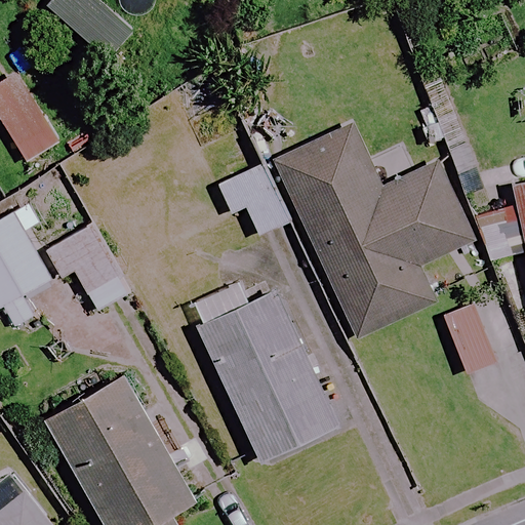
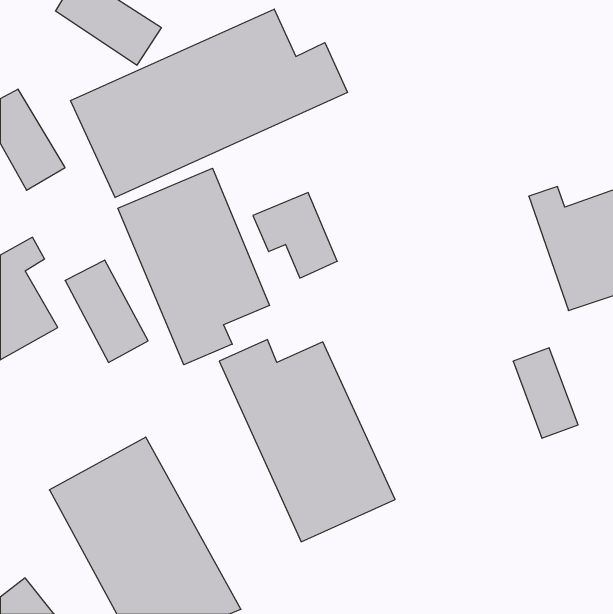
building: none -> [70,9,348,198]
building: [276,128,472,337] -> none
building: none -> [118,168,269,365]

